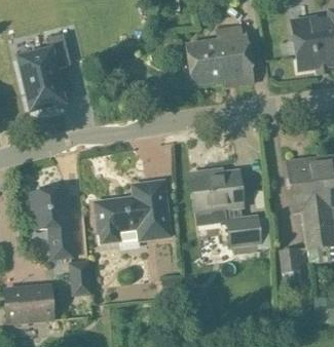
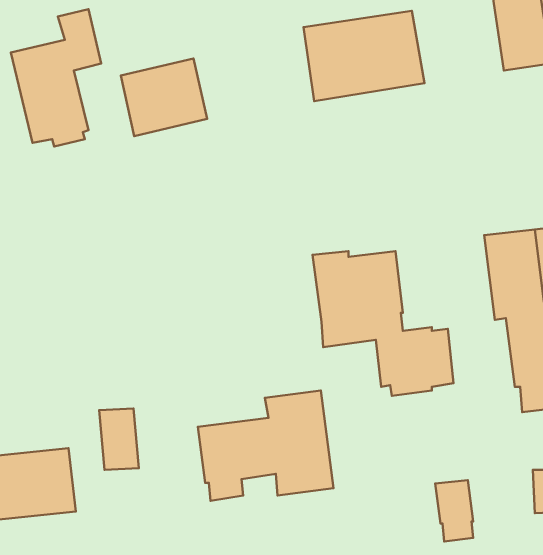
building: none -> [121,59,207,136]
building: [94,180,171,242] -> [198,391,334,501]
building: [31,189,72,257] -> none
building: [279,246,300,281] -> [435,480,473,541]

